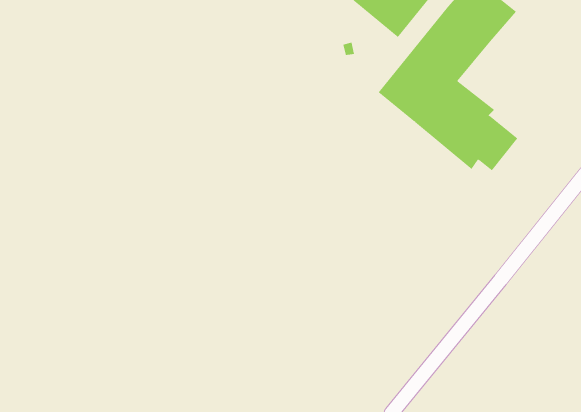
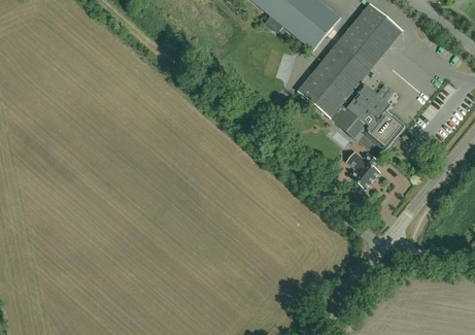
building: none -> [345,150,378,189]

